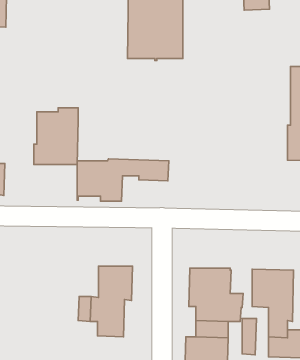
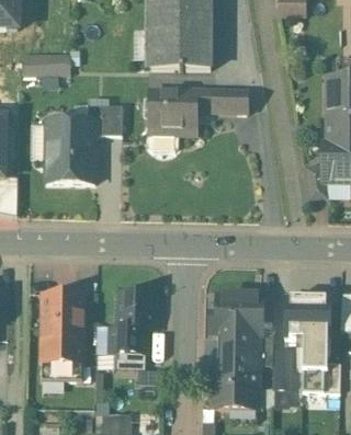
building: none -> [22,54,69,72]
building: none -> [86,105,121,135]
building: [77,159,169,201] -> [147,88,247,134]
building: none -> [39,293,82,380]

